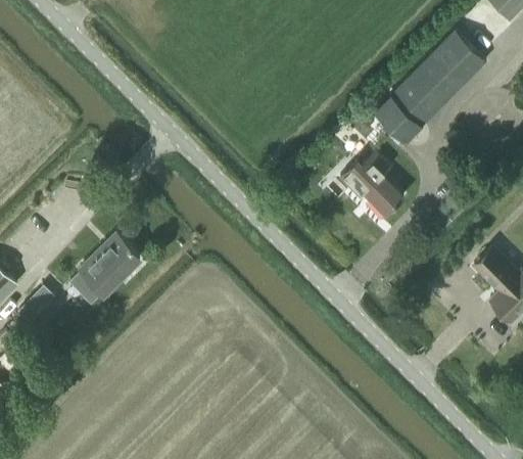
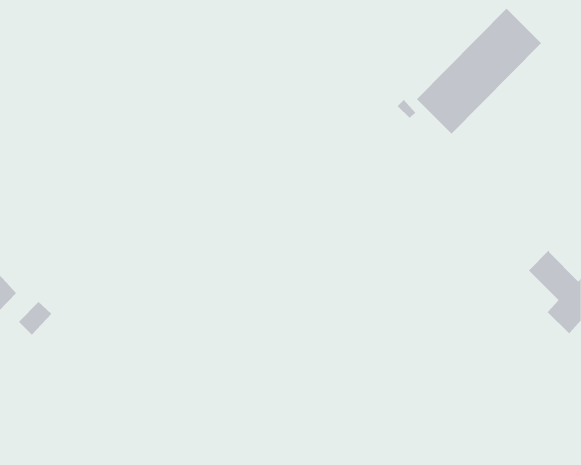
building: [339,154,402,215] -> none
building: [79,236,139,296] -> none

